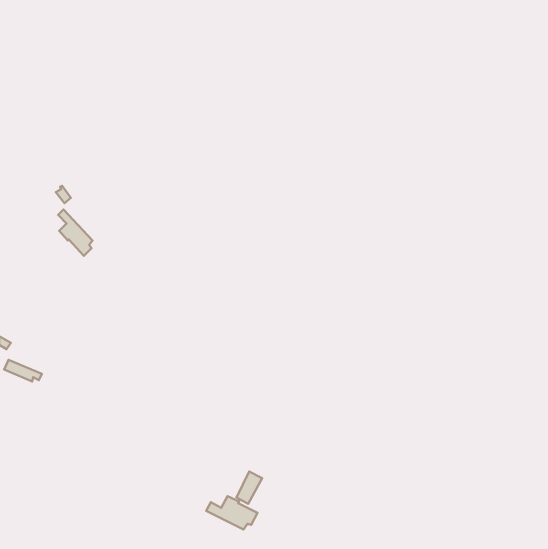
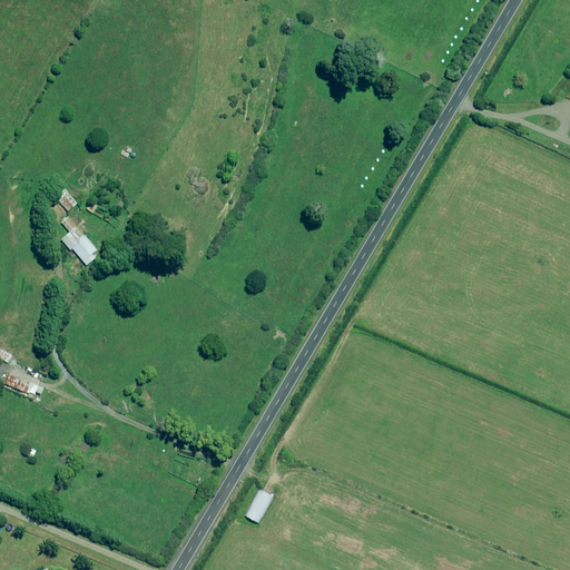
building: [206,496,258,529] -> none

